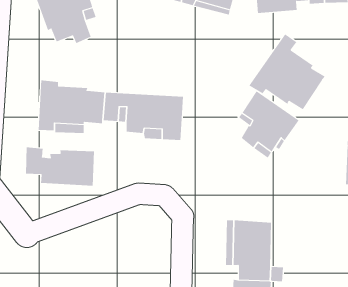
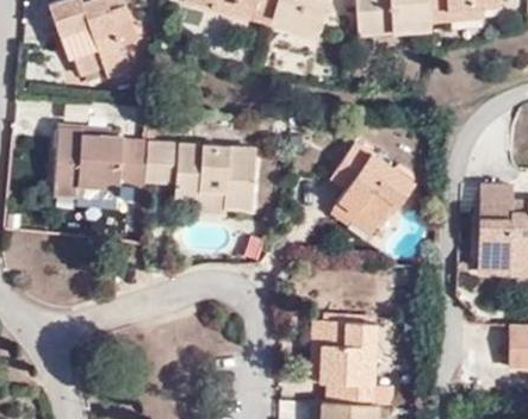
building: [249,34,325,110] -> none
building: [25,147,95,186] -> none

